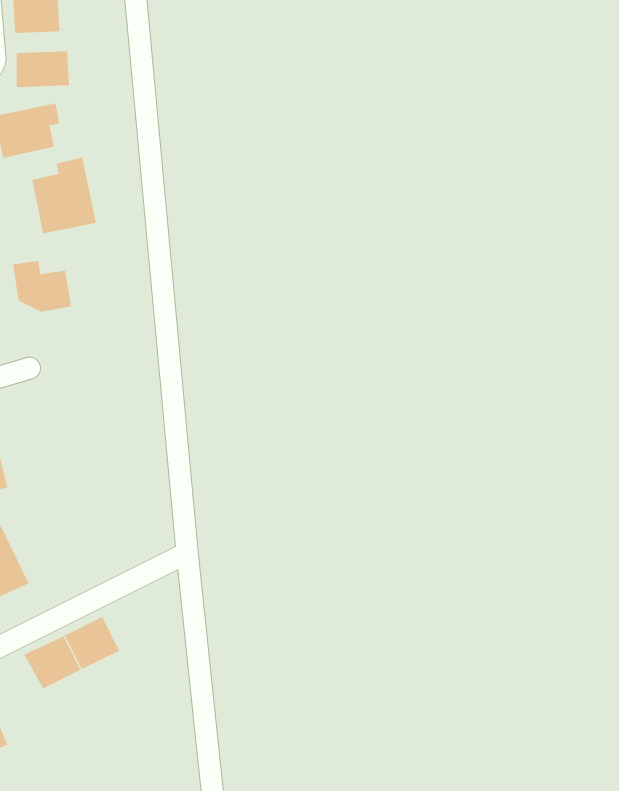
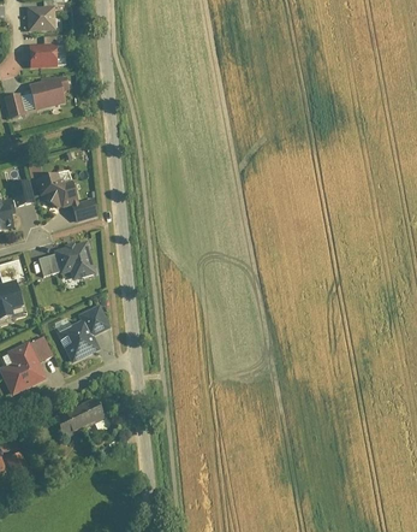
building: [32,157,97,234] -> none
building: none -> [48,241,91,279]
building: none -> [53,306,106,362]

